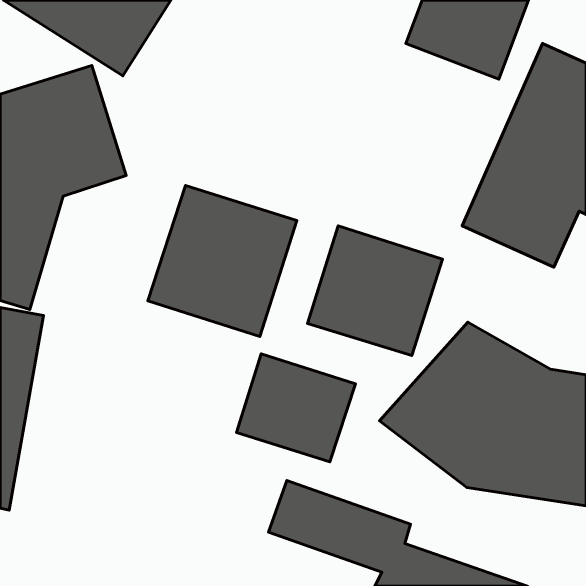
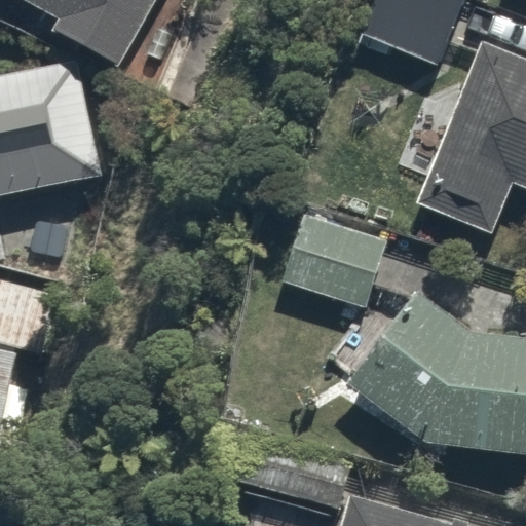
building: [148,186,297,337] -> none
building: [236,354,356,462] -> none

